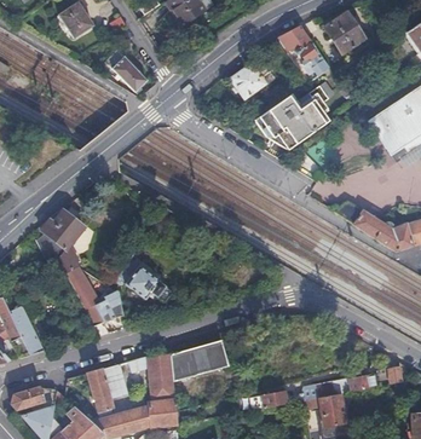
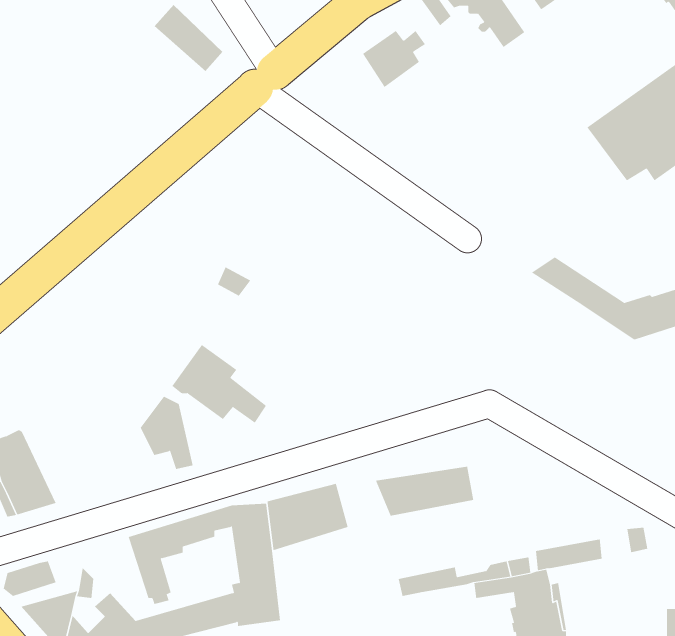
building: [255,83,330,149] -> none
building: [36,212,103,325] -> none
building: none -> [375,466,474,517]

